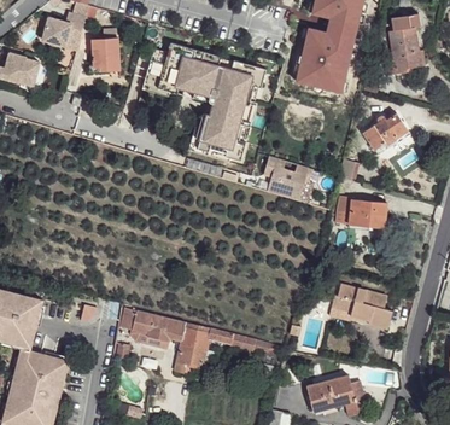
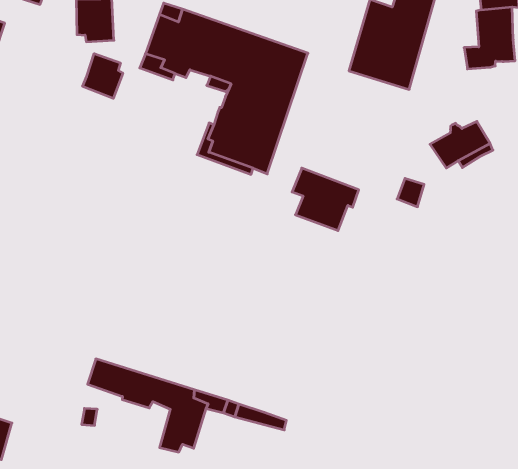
building: none -> [83,54,123,98]
building: [349,199,385,226] -> none
building: [328,281,393,330] -> none

